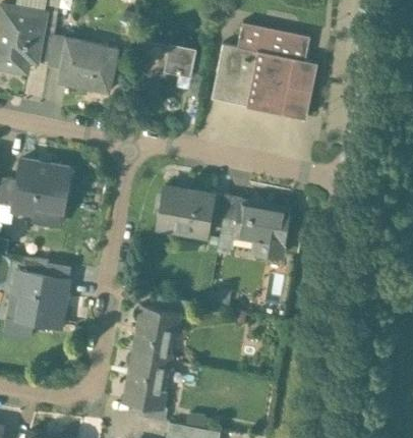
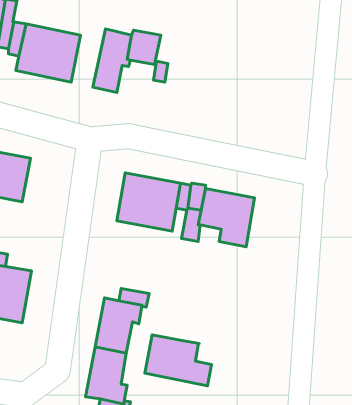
building: [211,21,318,119] -> none
building: none -> [145,335,211,386]

